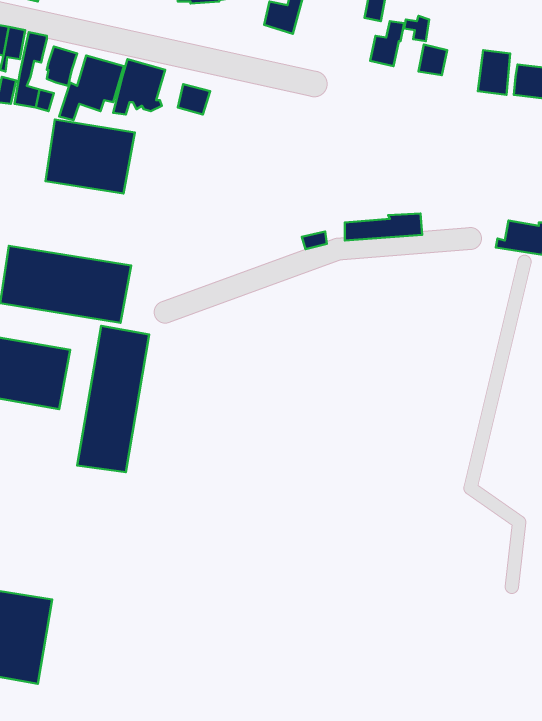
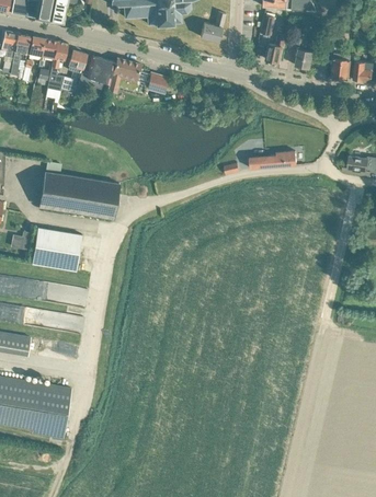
building: [45,120,135,193] -> none
building: [77,326,149,472] -> none

